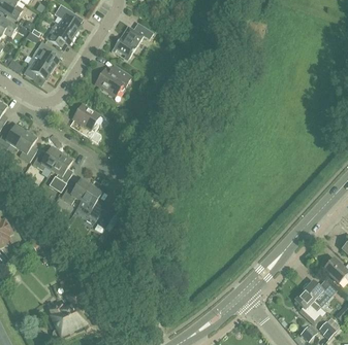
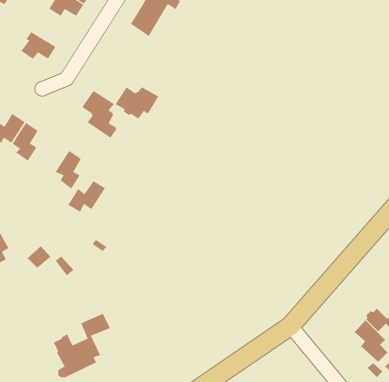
building: [31,41,59,69] -> none
building: [95,68,131,95] -> [115,86,159,119]
building: [32,145,62,170] -> none
building: [81,183,102,215] -> none

